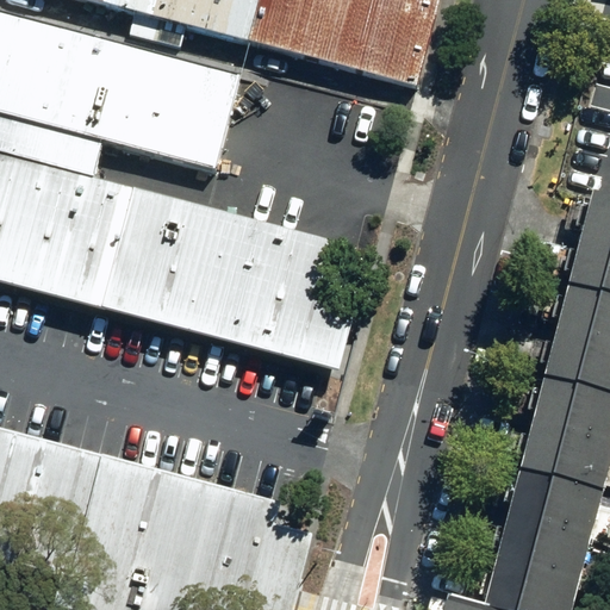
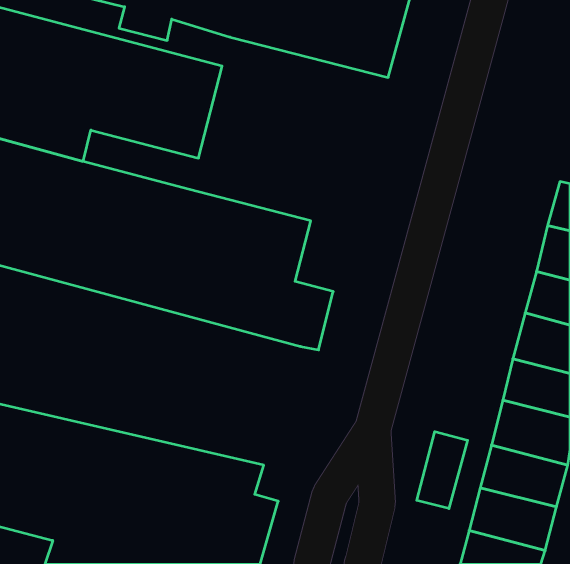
building: none -> [417,432,468,509]

